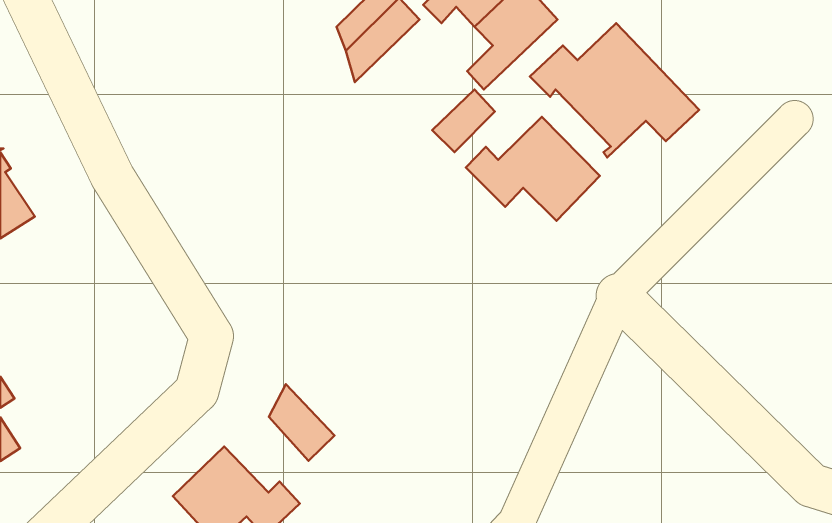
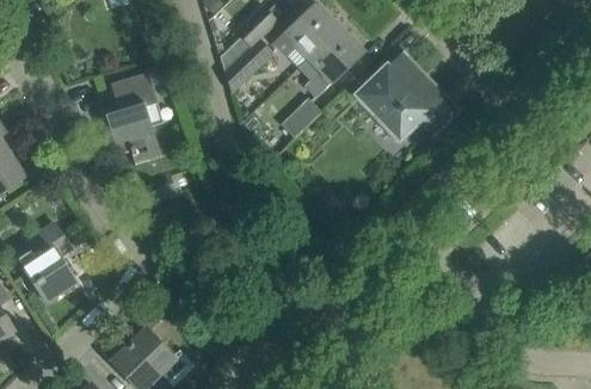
building: none -> [106,72,162,163]
building: [466,117,600,221] -> none
building: none -> [24,222,76,301]
building: [269,384,334,461] -> none

